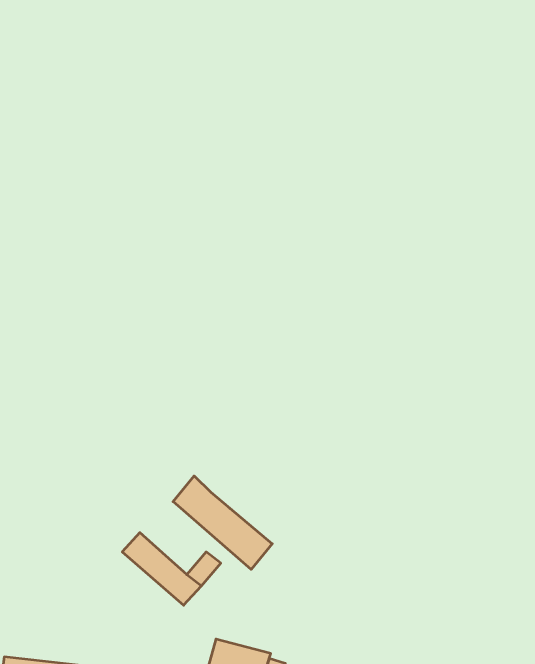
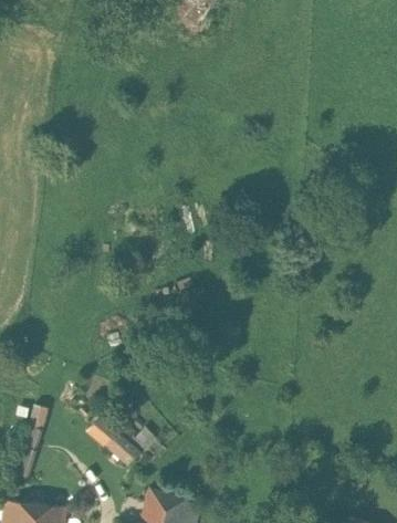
building: [173,476,272,569] -> none

